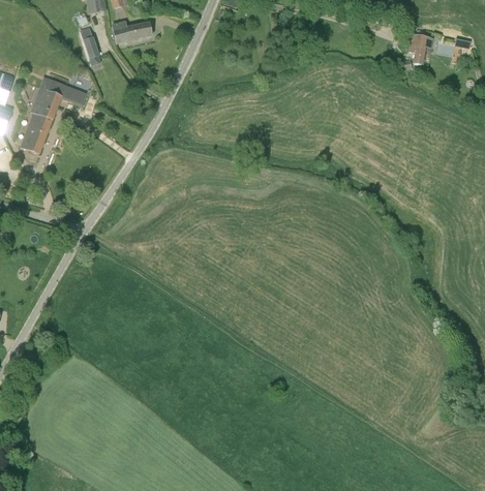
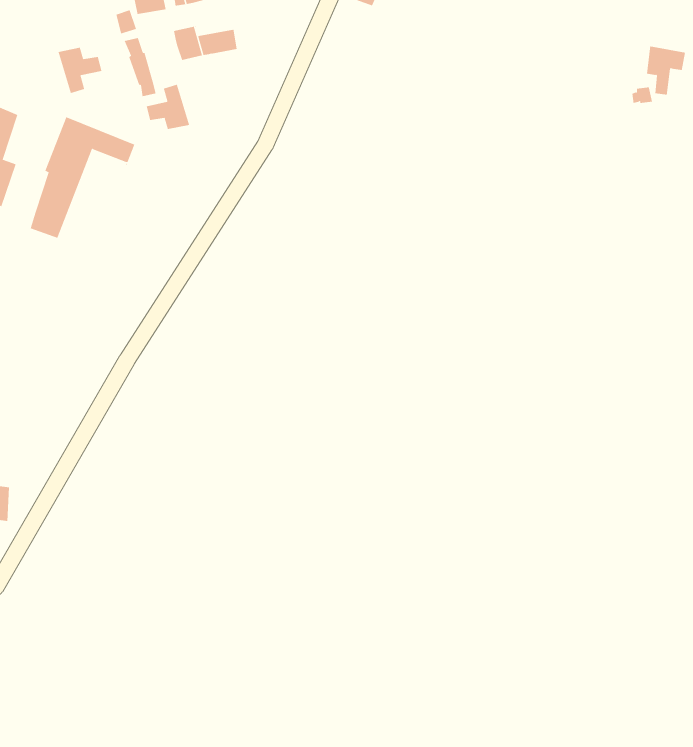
building: none -> [58,47,102,94]
building: none -> [146,84,190,130]

